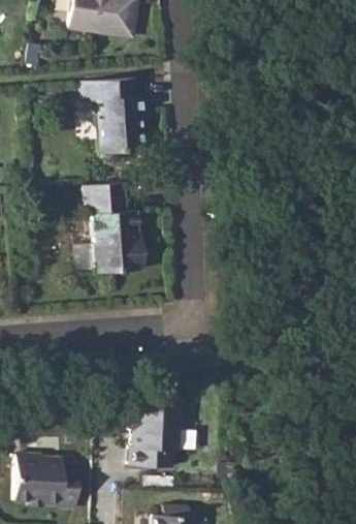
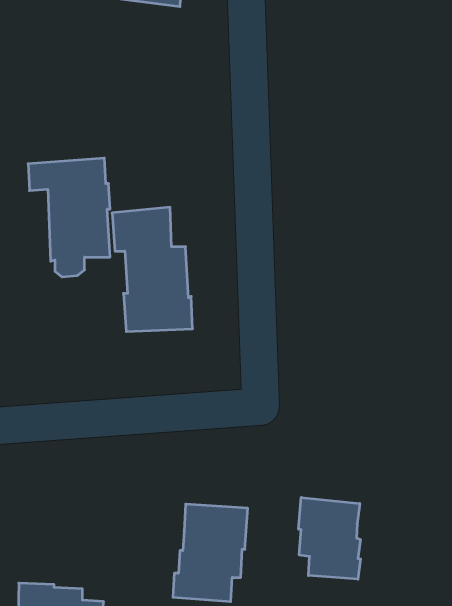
building: [82,76,141,163] -> [28,158,110,277]
building: none -> [299,497,361,579]

